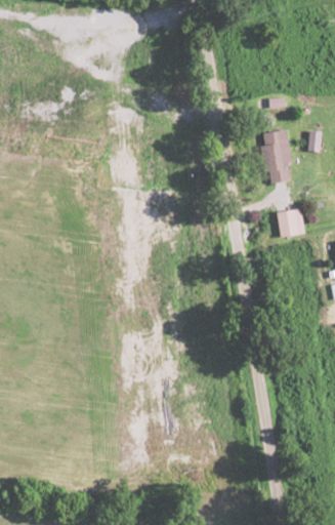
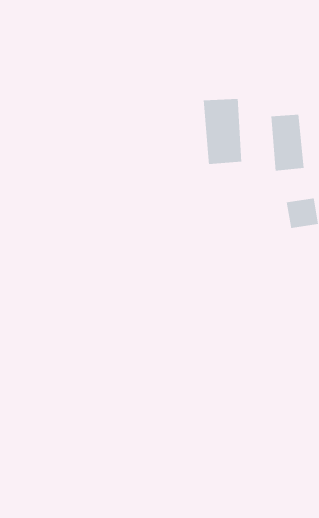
building: none -> [203,98,242,165]

